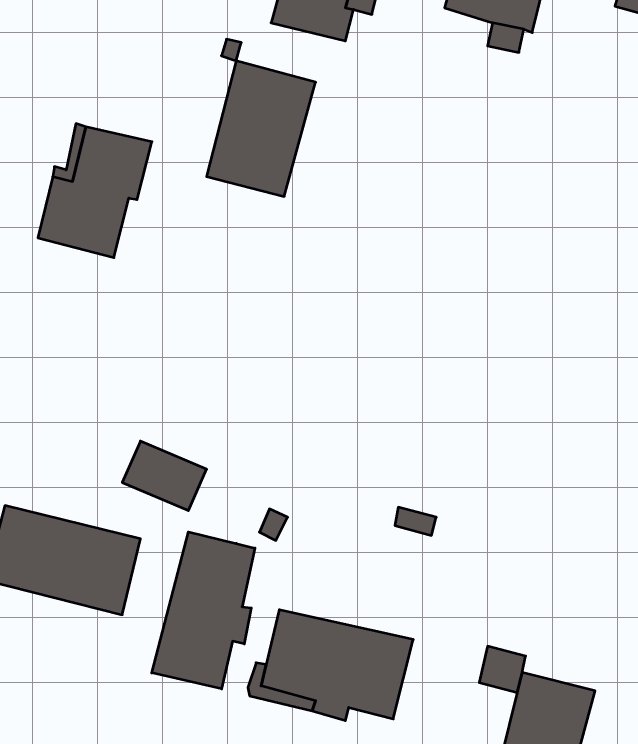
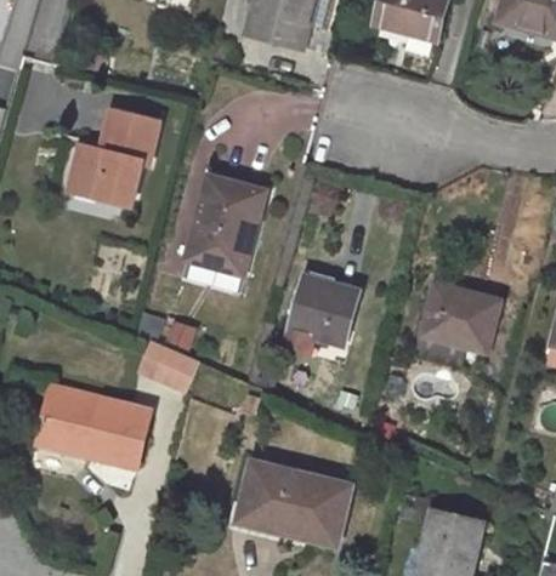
building: [207,61,316,196] -> [186,175,266,274]
building: none -> [291,276,358,342]
building: none -> [422,284,499,349]
building: [152,532,255,689] -> none

